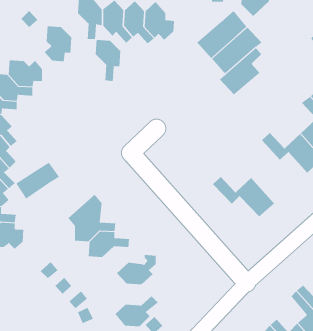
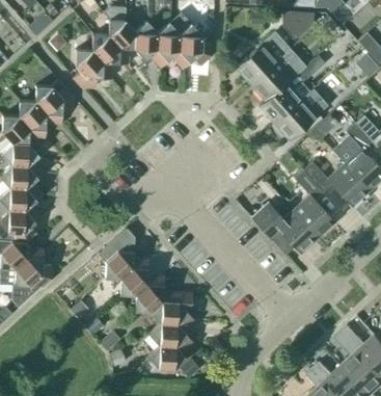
building: [95,39,121,81] -> [91,34,119,79]
building: none -> [274,98,328,140]
building: none -> [293,170,334,238]
building: [16,162,60,199] -> none
building: none -> [134,284,182,312]
building: none -> [148,313,195,346]

